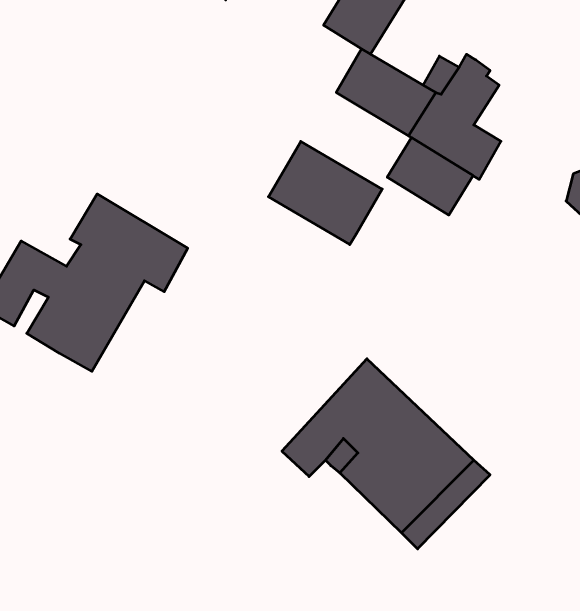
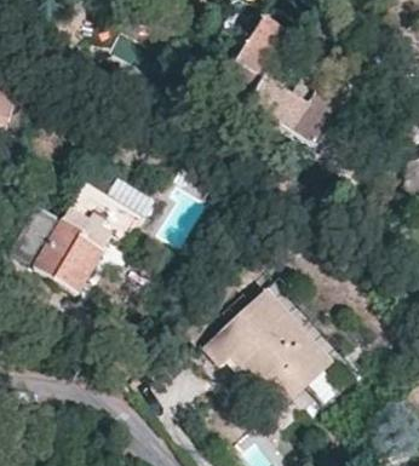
building: [387,138,473,215] -> none
building: [268,141,382,245] -> none

